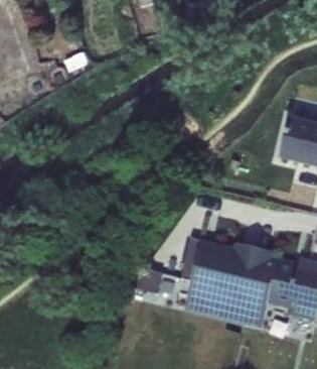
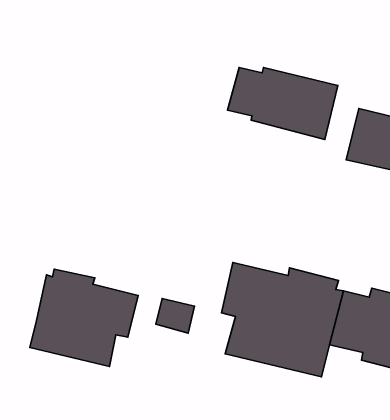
building: none -> [227,67,338,140]
building: none -> [30,269,138,366]

